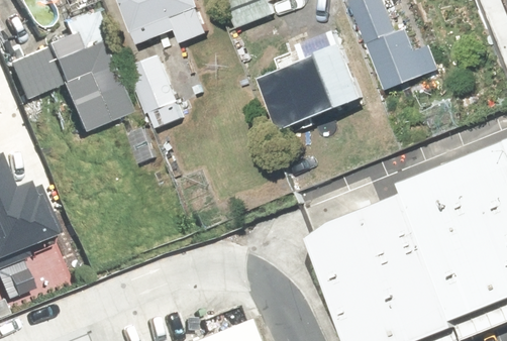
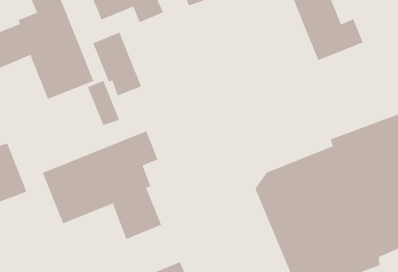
building: [267,28,375,132] -> none
building: none -> [42,131,162,240]

